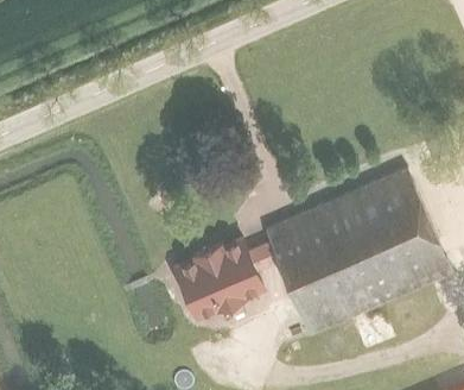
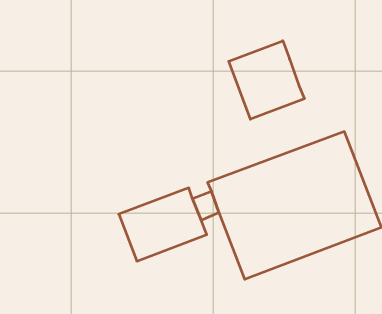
building: none -> [229,41,304,119]

